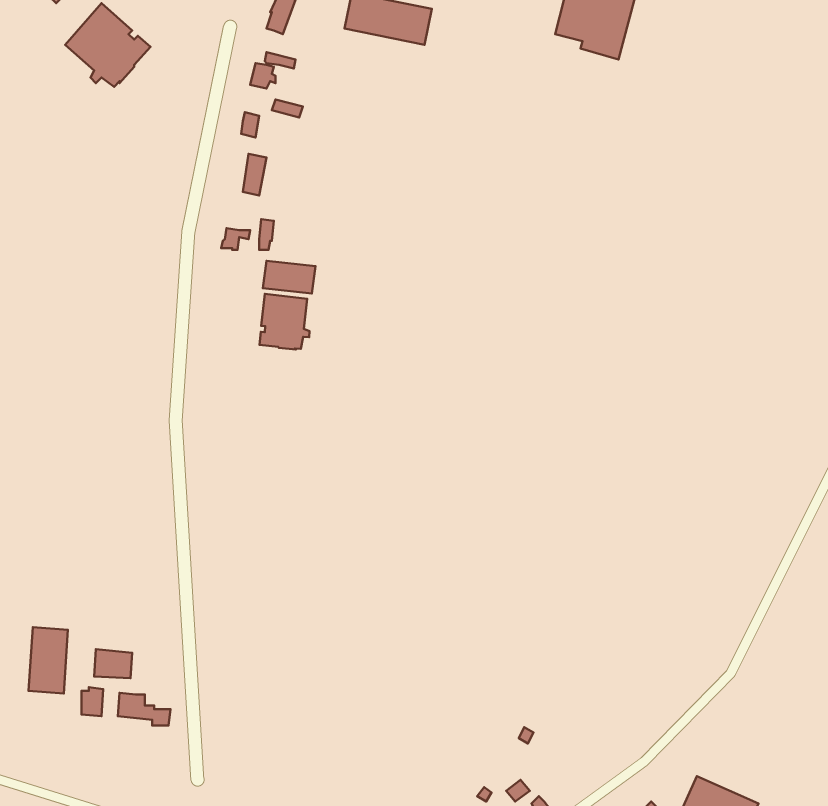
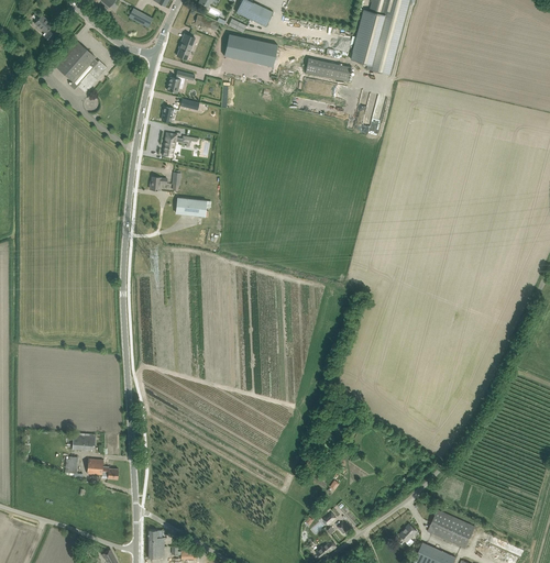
building: none -> [306,57,351,81]
building: [259,294,310,350] -> none
building: [29,627,68,693] -> none

